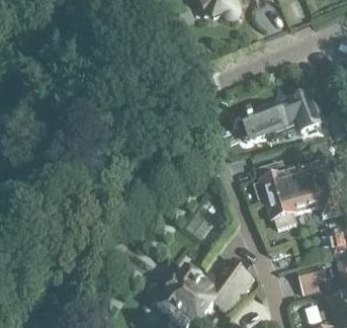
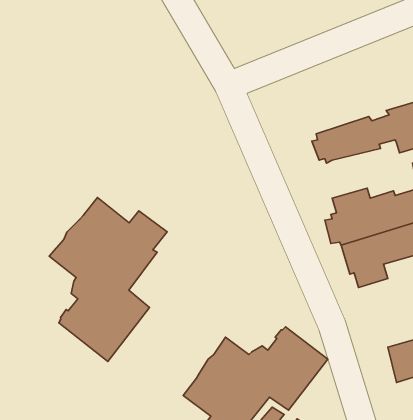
building: none -> [49,197,167,361]

